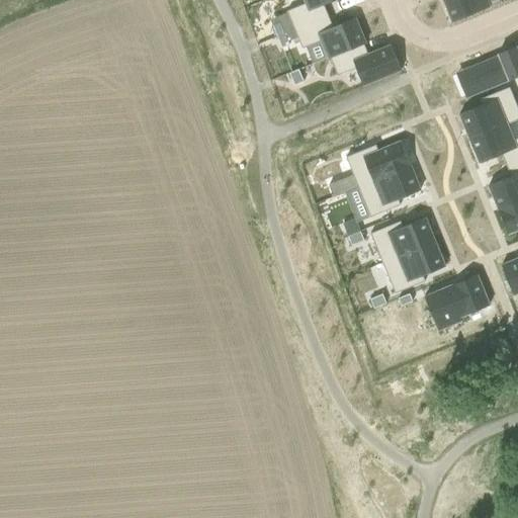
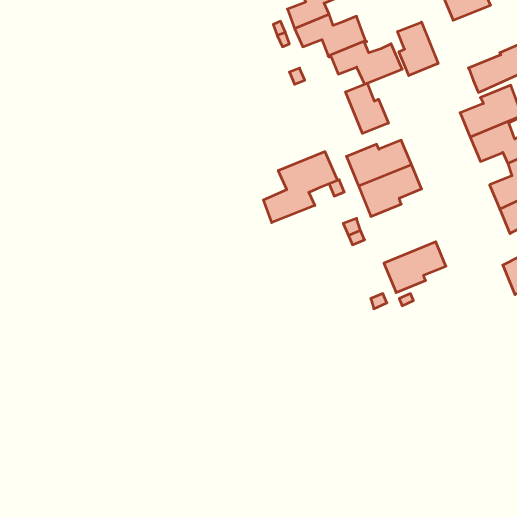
building: none -> [398,22,438,76]
building: none -> [346,83,388,133]
building: none -> [263,152,337,223]
building: [372,217,436,262] -> none
building: [426,273,491,329] -> none

